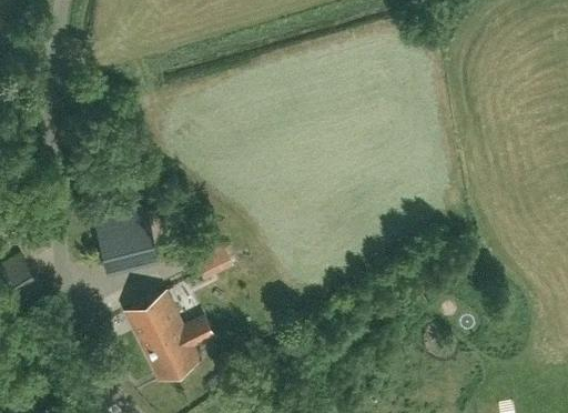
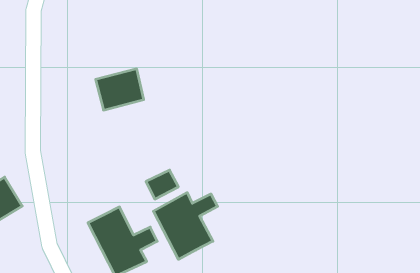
building: [95,214,156,266] -> [96,69,144,110]
building: none -> [153,193,218,259]

